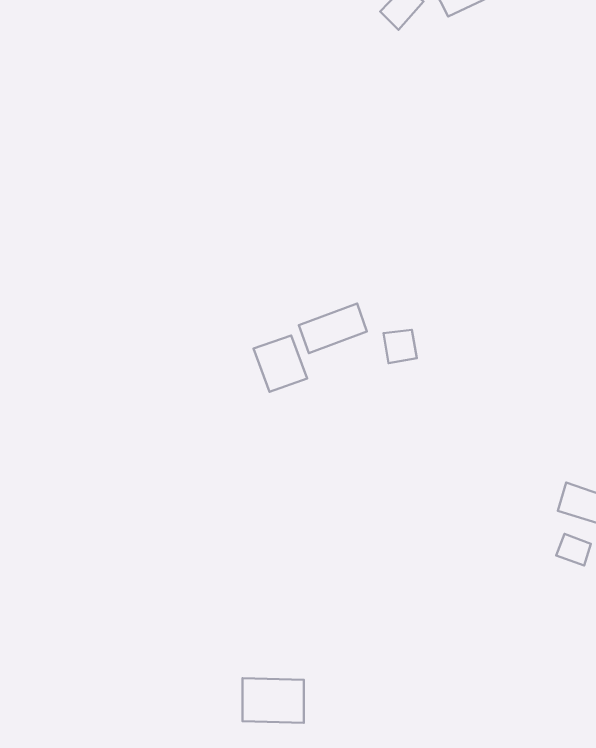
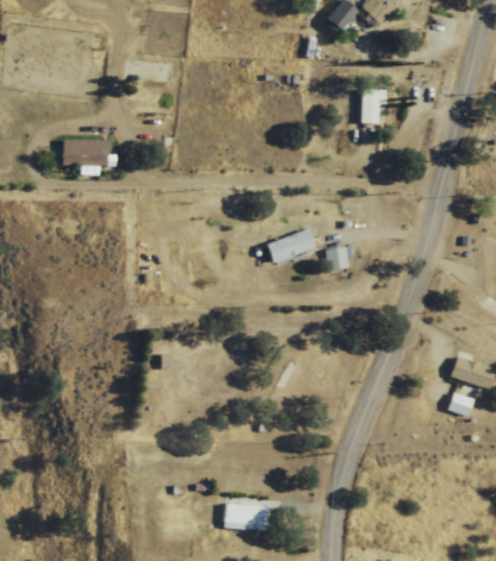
building: none -> [360,90,382,123]
building: none -> [60,146,107,165]
building: [253,335,307,392] -> none

